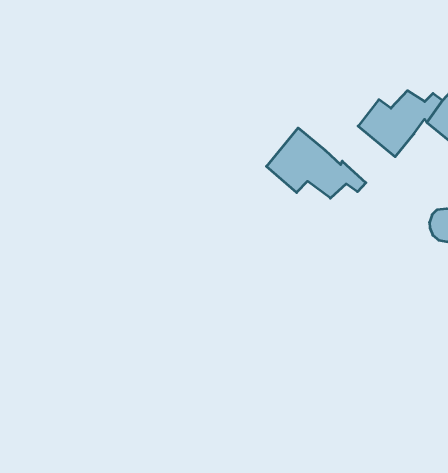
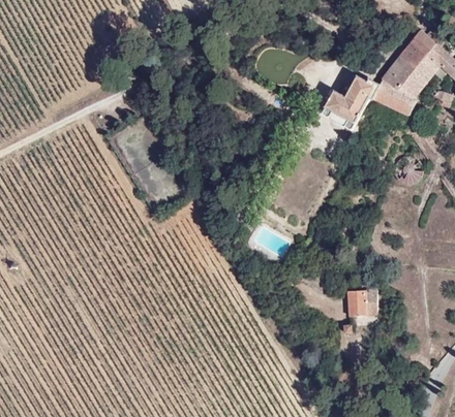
building: [266,128,366,198] -> none
building: none -> [347,292,375,320]

